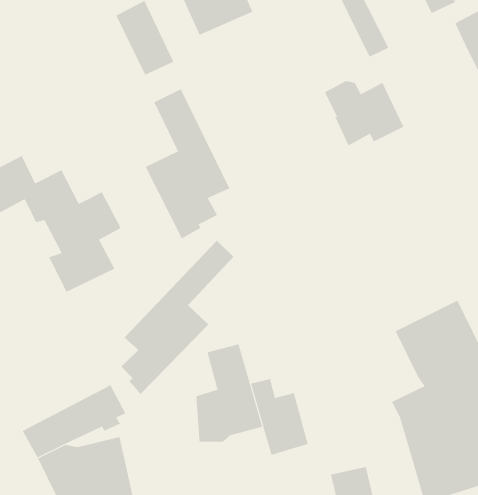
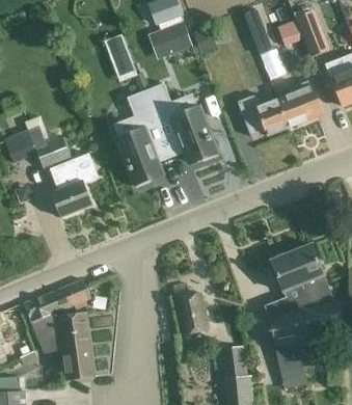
building: none -> [276,81,323,128]
building: none -> [145,83,218,163]
building: [121,240,234,395] -> none
building: [196,343,263,443] -> none

